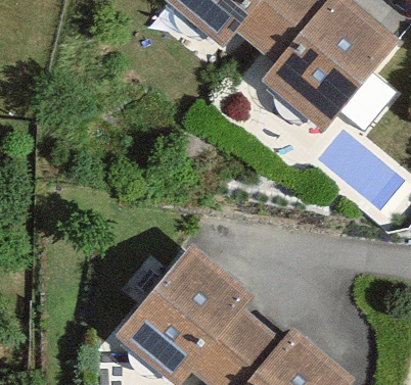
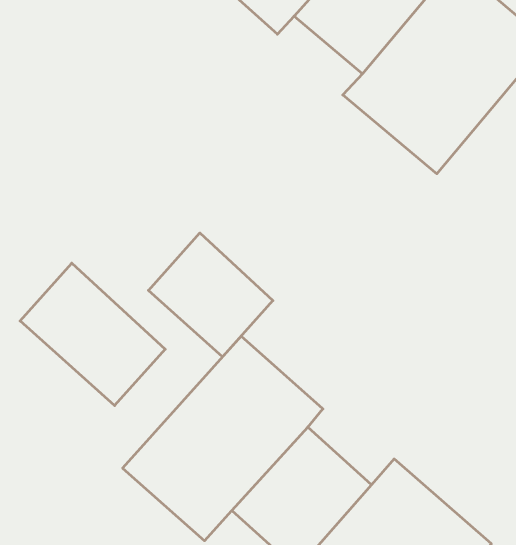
building: none -> [148,233,273,357]
building: none -> [20,263,165,406]

